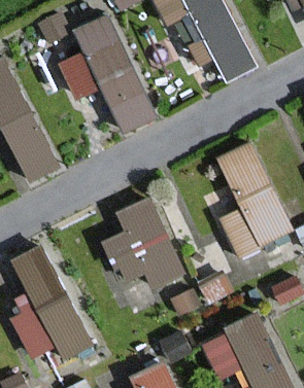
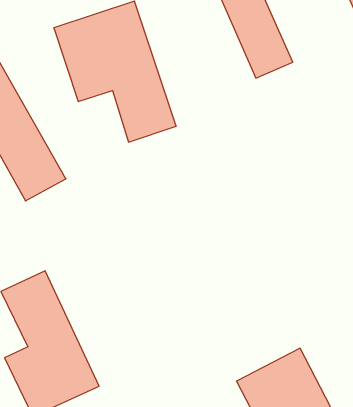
building: [213,141,294,258] -> none
building: [98,204,185,296] -> none

